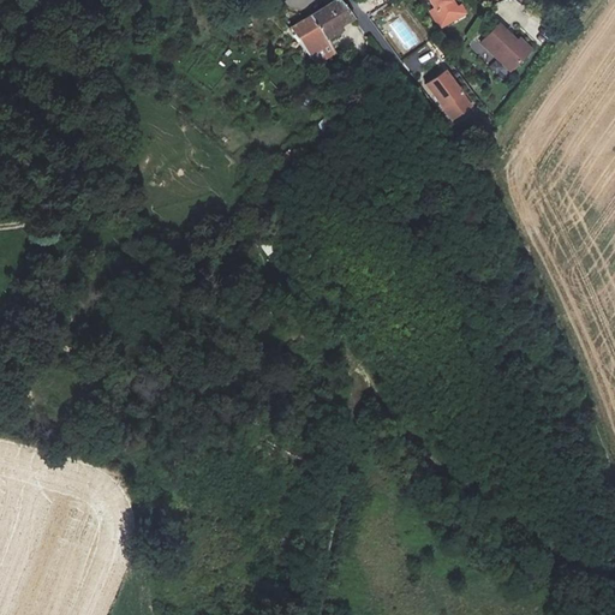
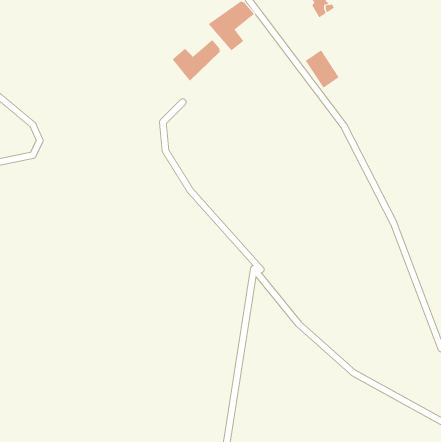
building: [486,19,532,65] -> none
building: none -> [172,39,220,81]

